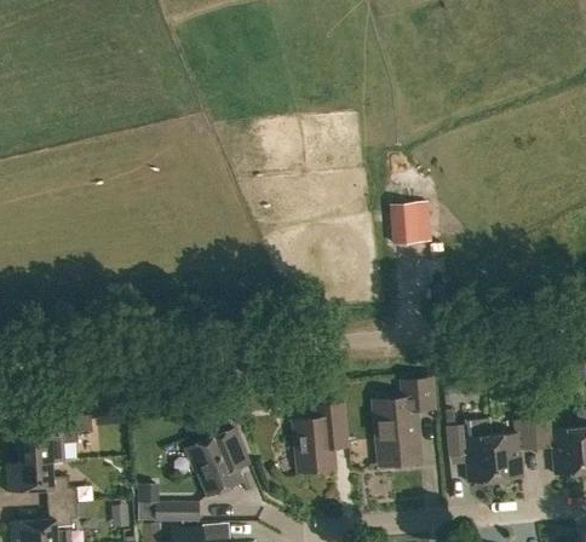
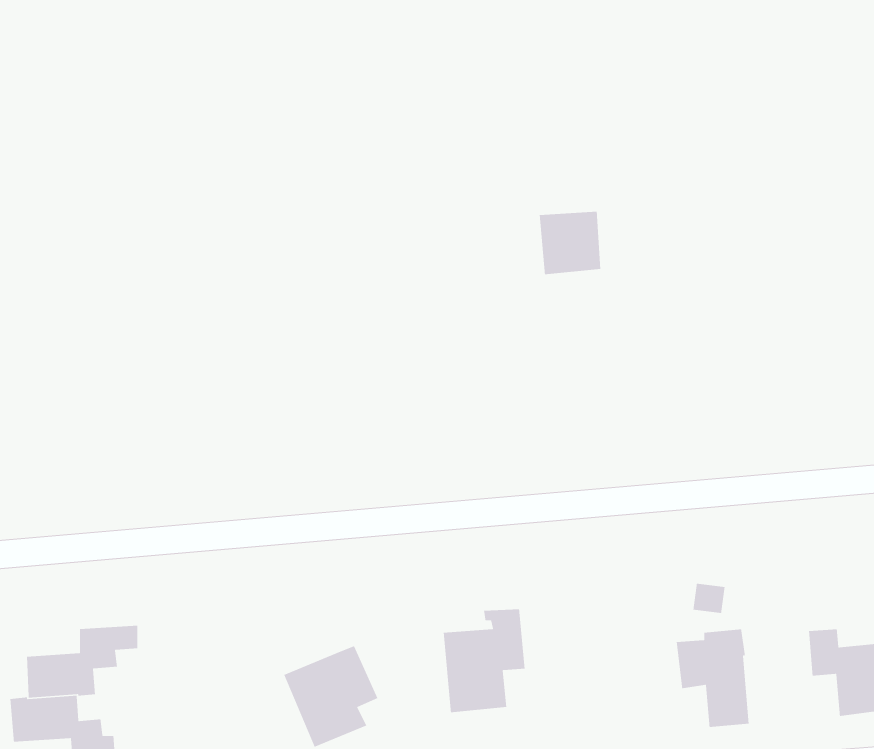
building: [389,201,430,243] -> [539,211,601,275]
building: [374,380,433,465] -> none
building: [492,419,536,480] -> none

